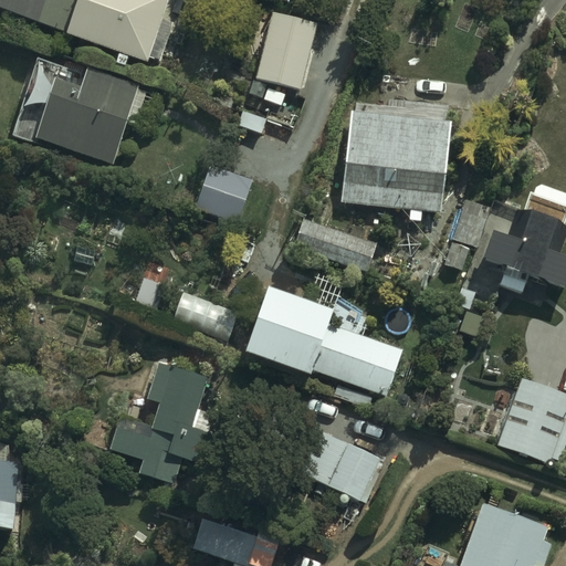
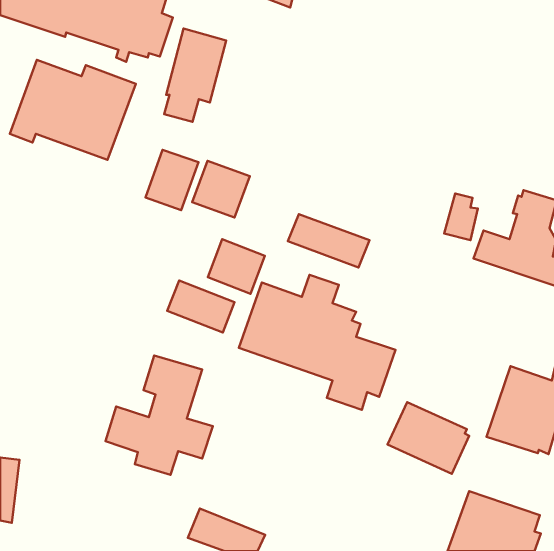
building: [253,11,316,106] -> [164,28,226,122]
building: [340,111,451,221] -> none
building: none -> [145,150,199,210]
building: none -> [208,239,265,294]
building: [297,429,380,502] -> [388,402,469,474]

